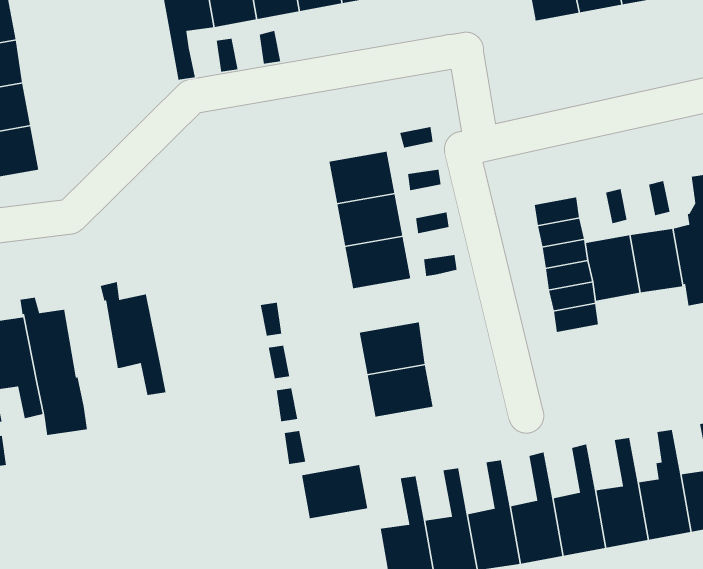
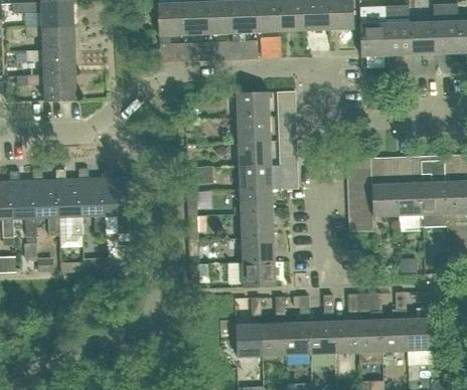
building: none -> [236,91,270,118]
building: none -> [240,189,274,214]
building: none -> [79,168,106,233]
building: [301,464,368,519] -> [242,261,276,287]

